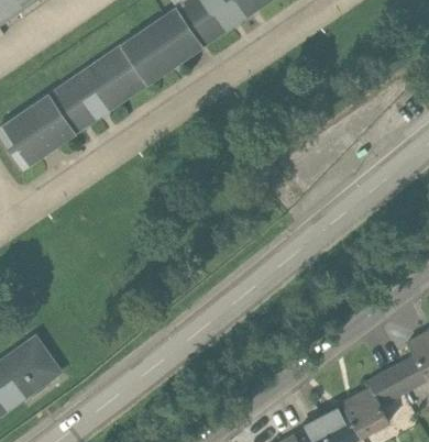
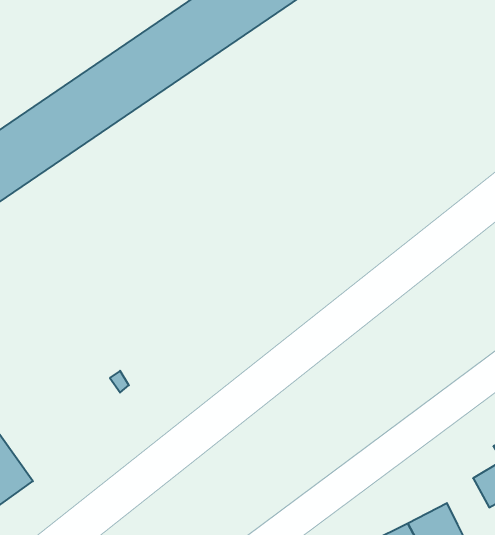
building: [370,368,406,402] -> none

